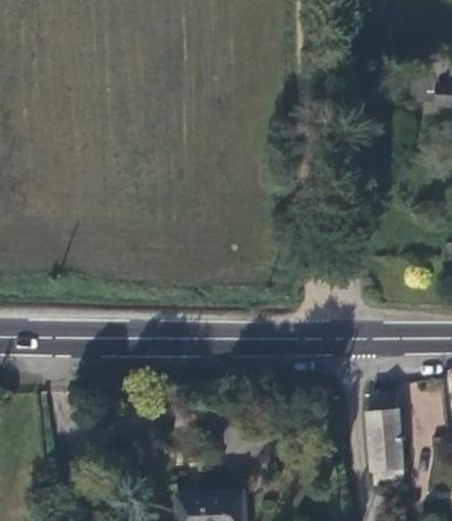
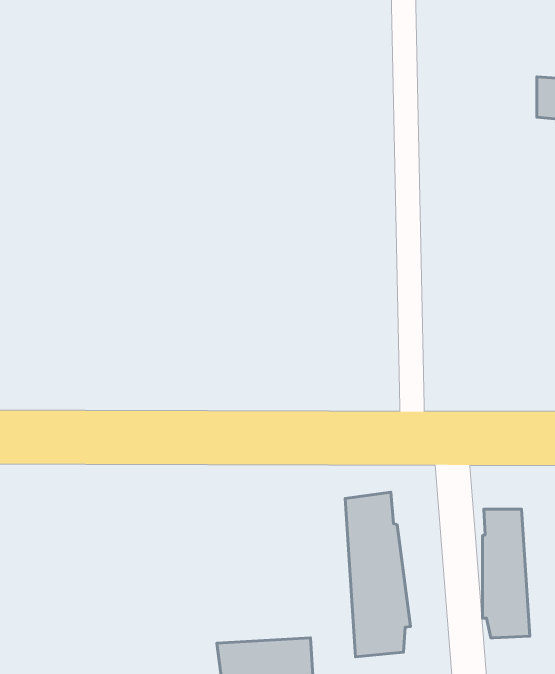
building: none -> [345,492,410,657]

